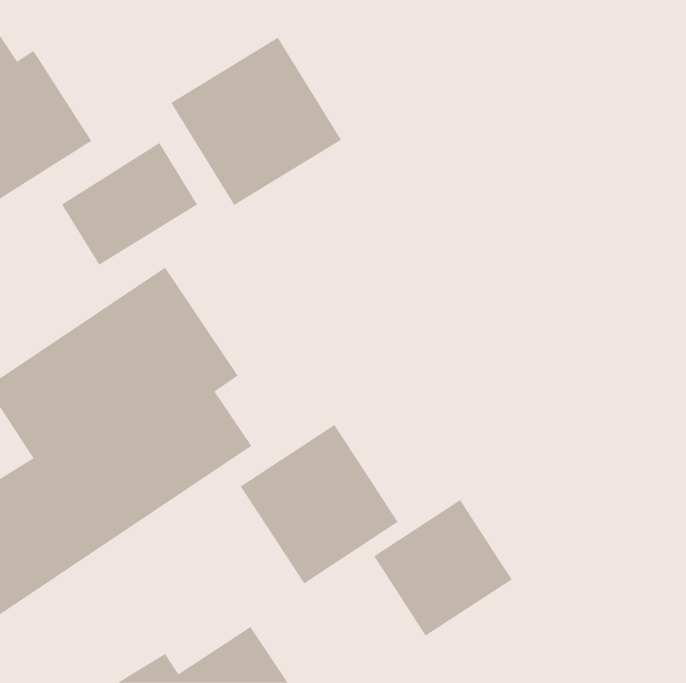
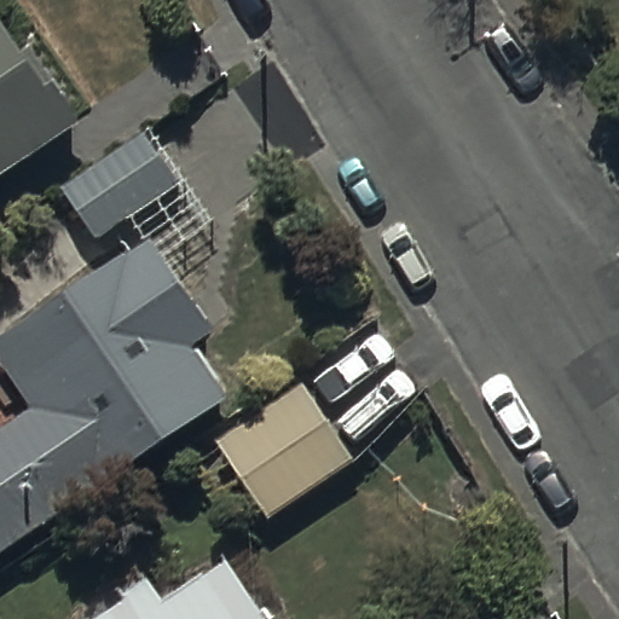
building: [170,37,342,206] -> none
building: [373,499,512,636] -> none

